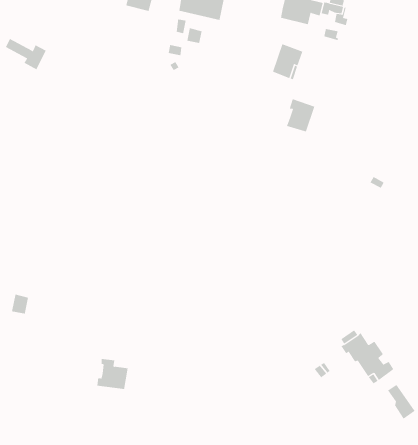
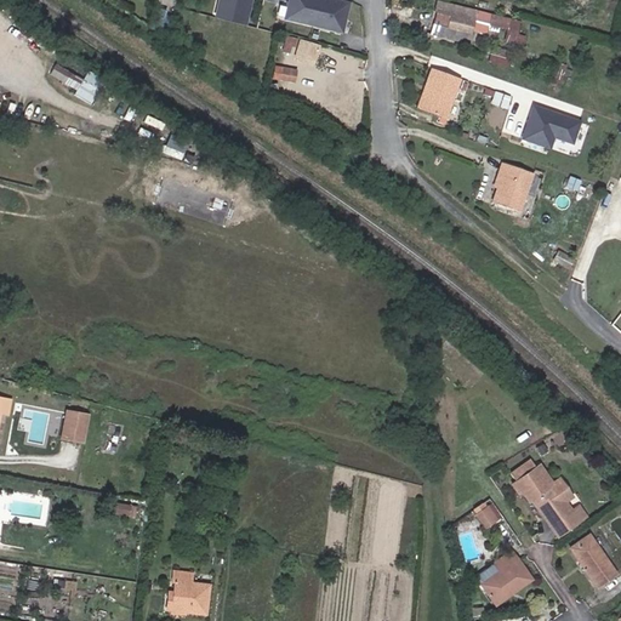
building: none -> [526,106,582,144]
building: [286,99,315,132] -> [492,163,532,209]
building: [96,358,128,389] -> [166,570,210,613]
building: none -> [482,549,531,600]

